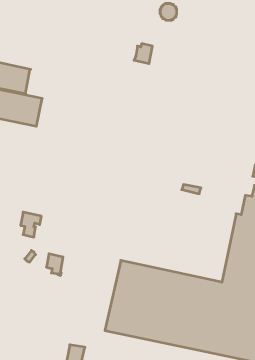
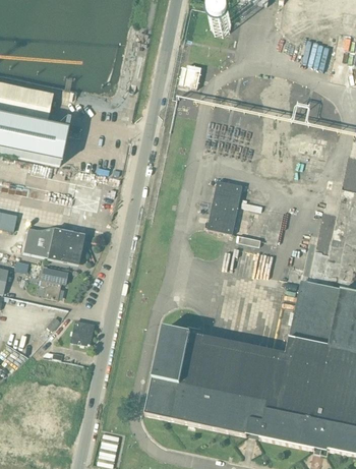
building: none -> [206,179,243,232]
building: none -> [22,225,84,265]

